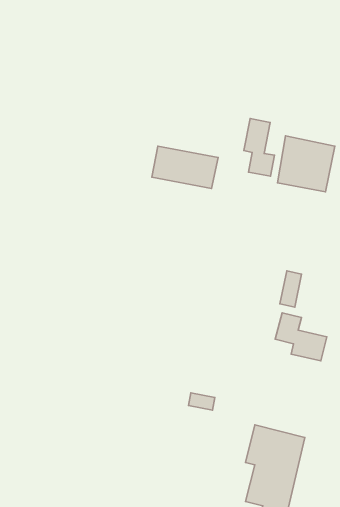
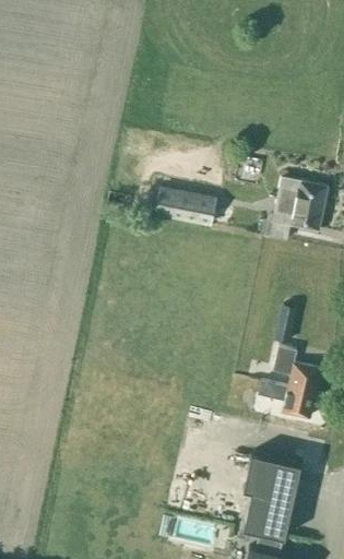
building: [244,119,275,176] -> none
building: none -> [257,381,316,418]

